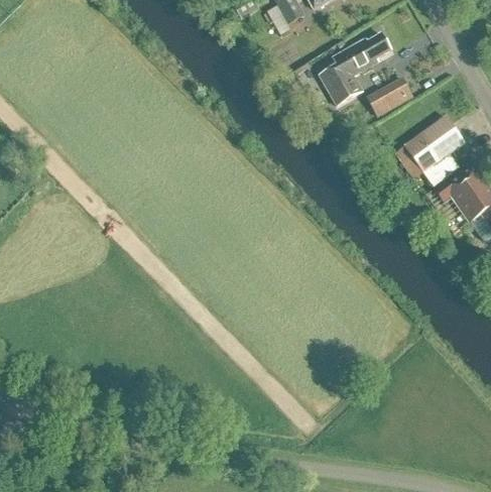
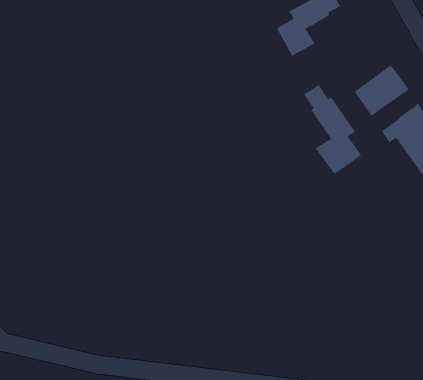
building: [367,73,415,114] -> none
building: none -> [303,84,362,175]

